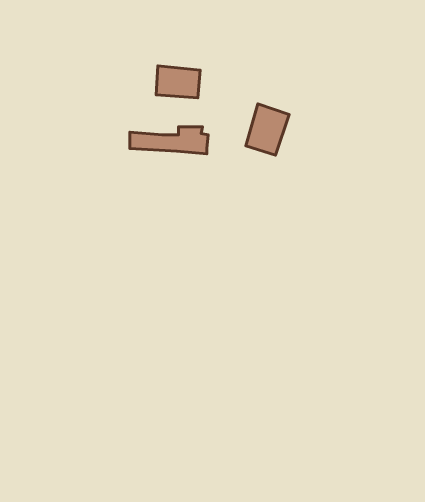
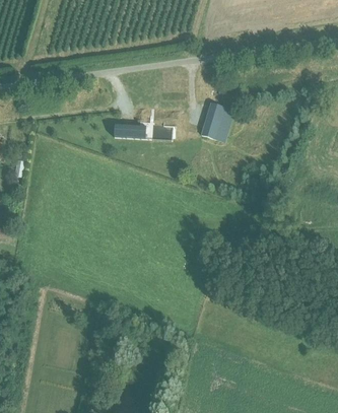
building: [156,66,200,98] -> none

